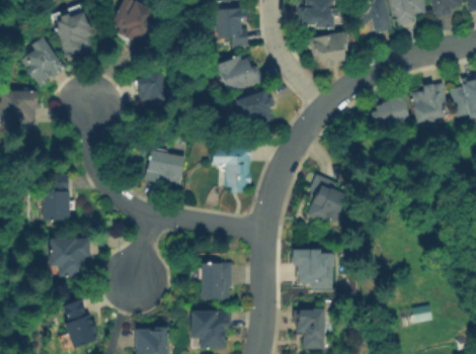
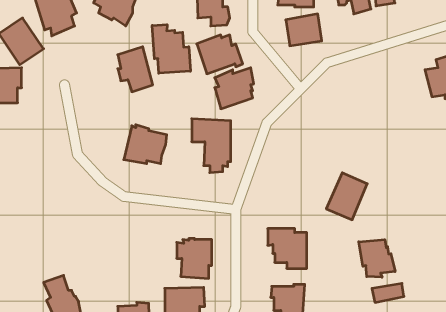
building: none -> [152,25,190,73]
building: [409,83,446,125] -> none
building: [371,95,409,124] -> none
building: [37,173,72,220] -> none
building: [301,180,342,228] -> [326,173,367,220]
building: [51,238,90,275] -> none
building: none -> [359,240,395,277]

